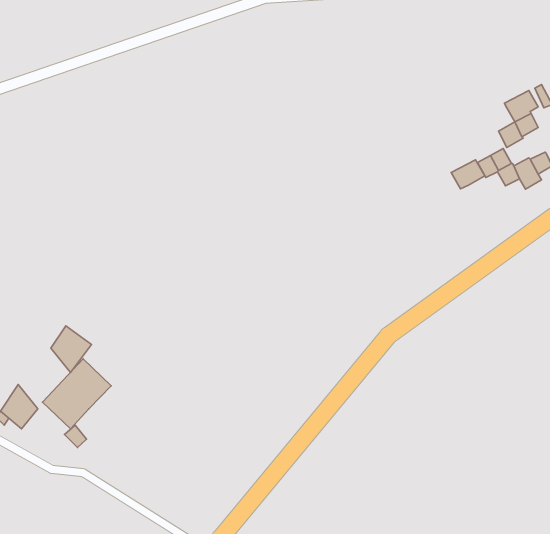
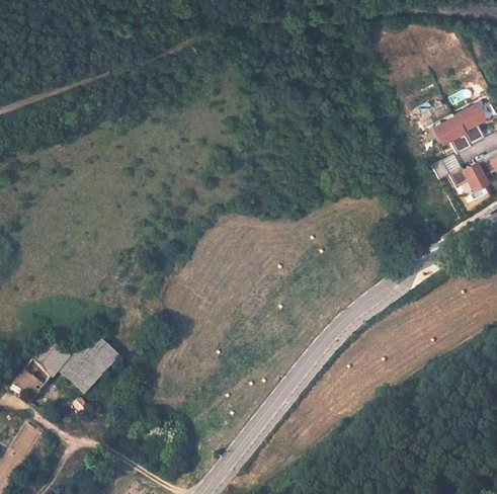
building: [451,160,485,189] -> [435,116,465,142]
building: [51,326,91,372] -> [32,340,68,381]

